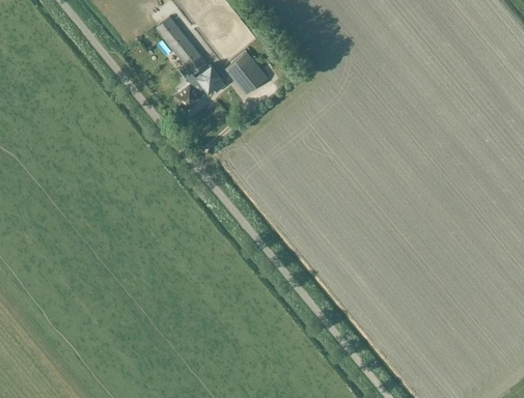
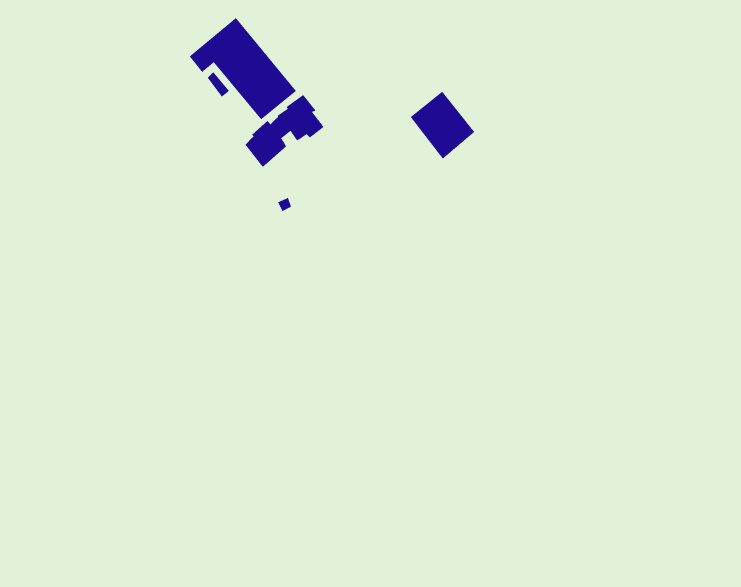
building: [226,52,268,95] -> [410,91,475,160]

